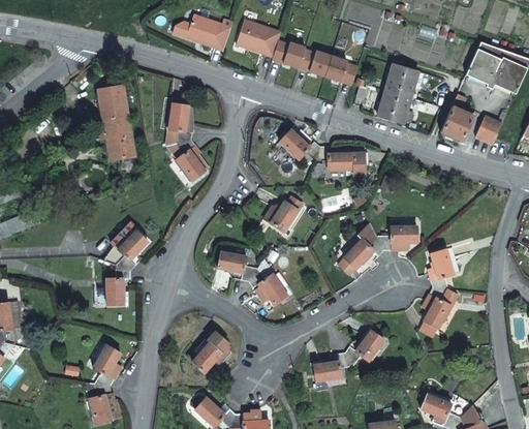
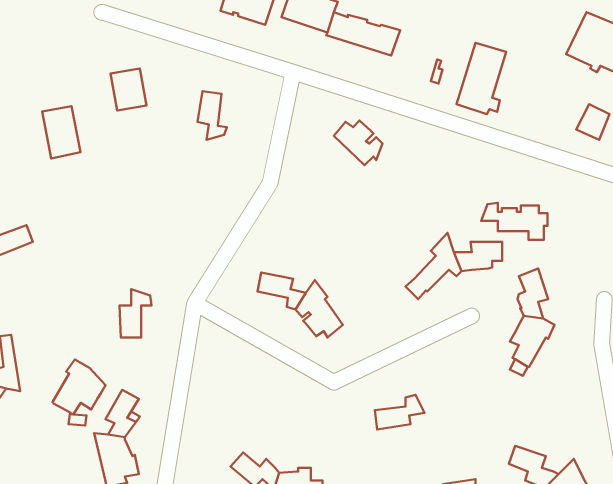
building: [325,55,359,84] -> none
building: [441,93,474,141] -> none
building: [103,116,134,158] -> [42,106,80,159]
building: [165,140,204,181] -> none
building: [313,146,367,176] -> [481,203,548,240]
building: [263,196,302,231] -> none
building: [107,222,148,270] -> none
building: none -> [53,359,106,414]
building: [345,330,383,365] -> none
building: [191,331,232,372] -> none

